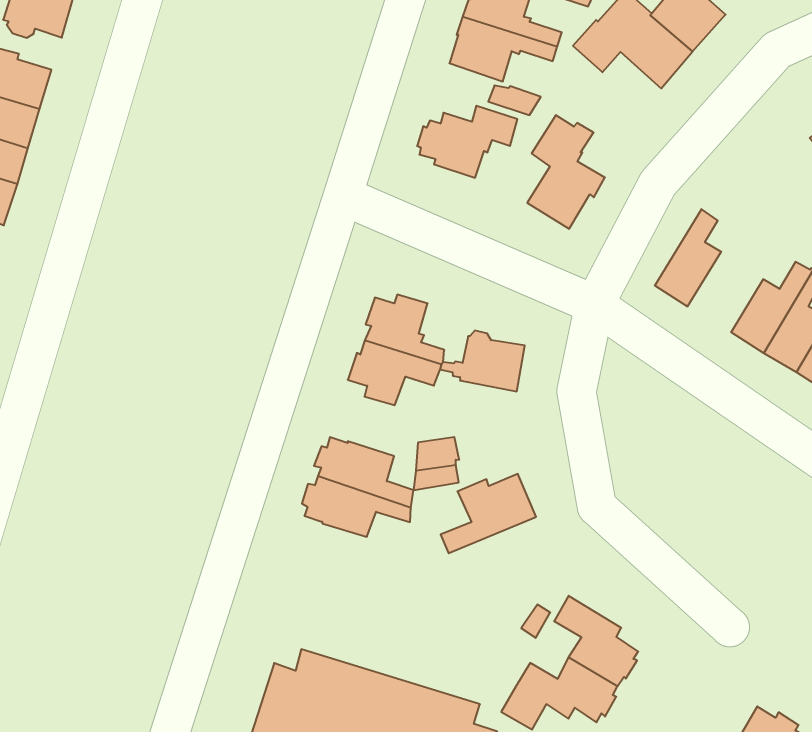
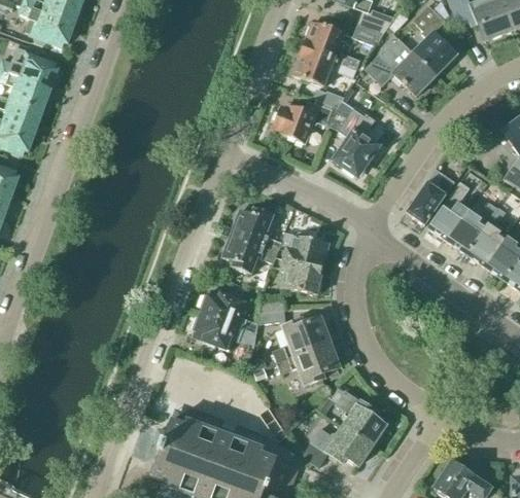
building: none -> [427,181,470,241]
building: none -> [282,260,322,294]
building: none -> [276,343,338,384]

